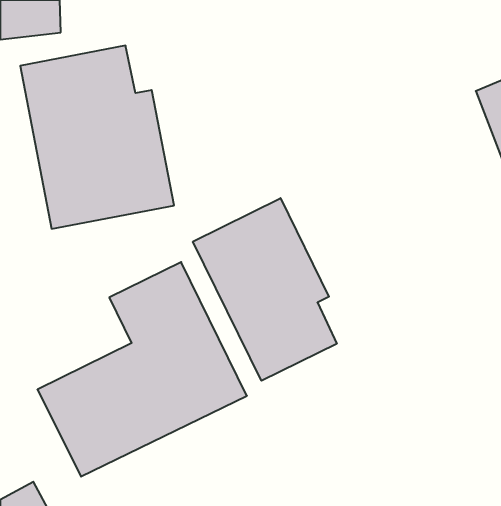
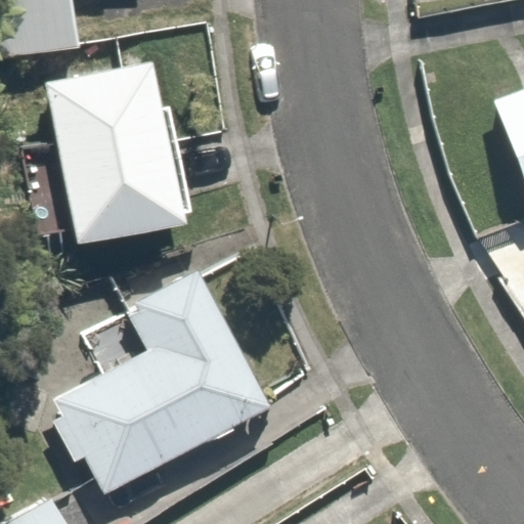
building: [193,198,337,381] -> none

